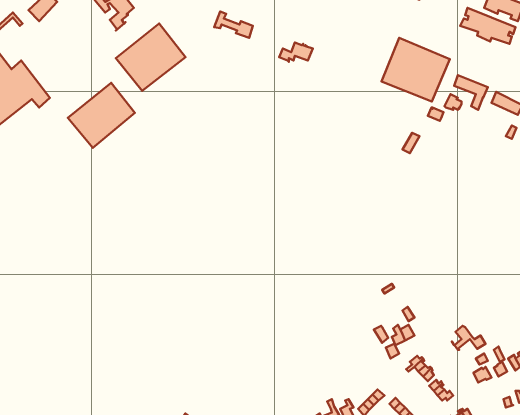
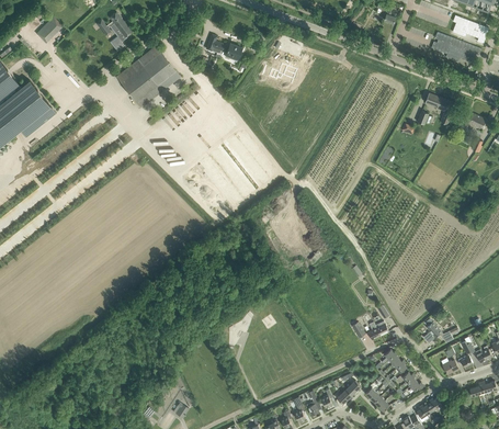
building: [382,38,450,102] -> none
building: [68,83,135,148] -> none

